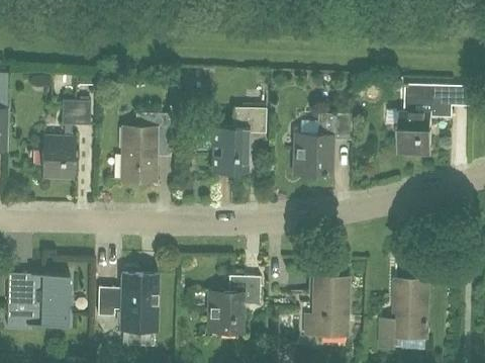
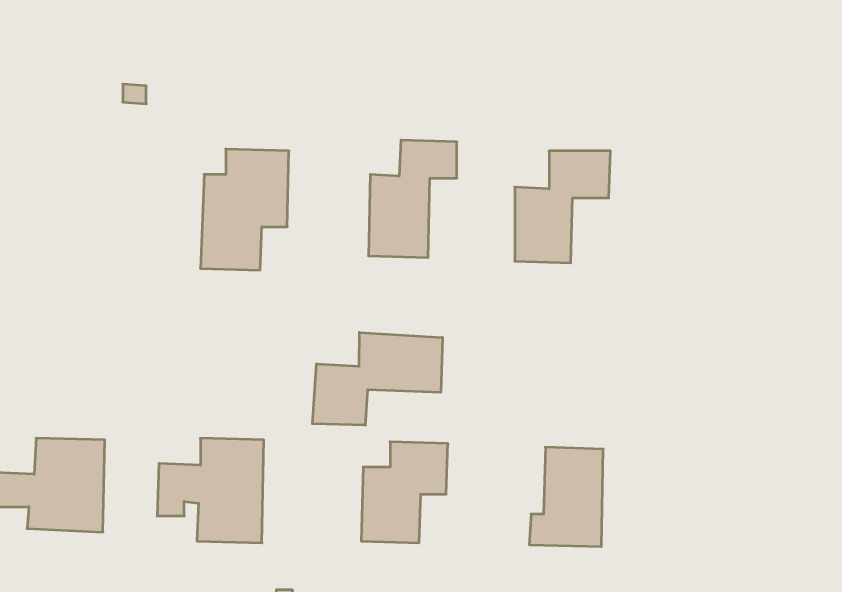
building: [398,84,453,153] -> none
building: [41,100,89,183] -> none
building: none -> [312,332,442,425]
building: [378,279,428,349] -> none

